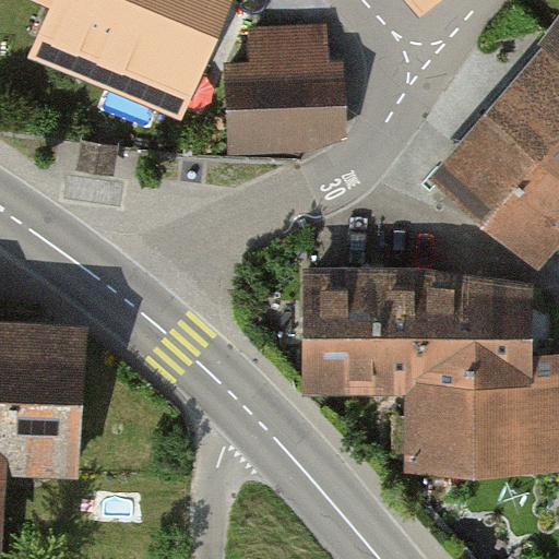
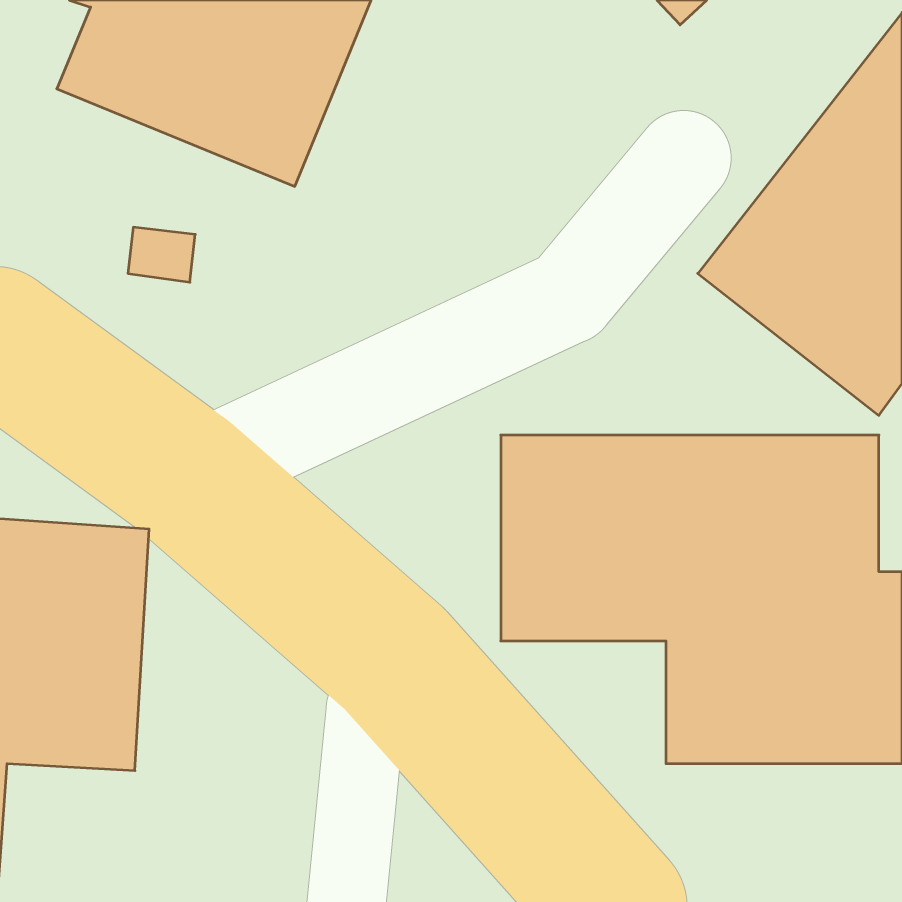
building: [226,24,349,155] -> none

